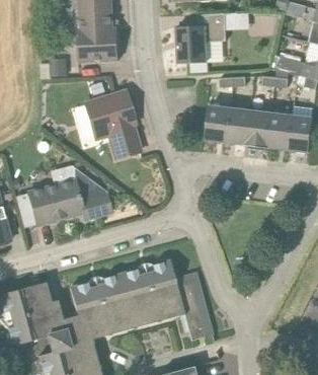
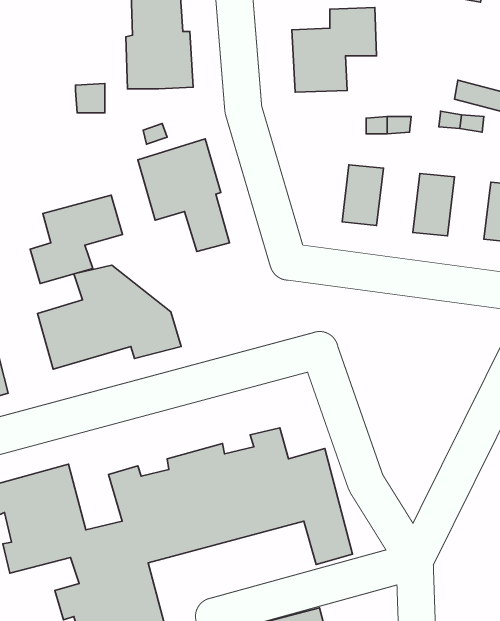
building: [226,107,251,145] -> none
building: [267,113,293,149] -> none
building: none -> [30,195,123,284]

